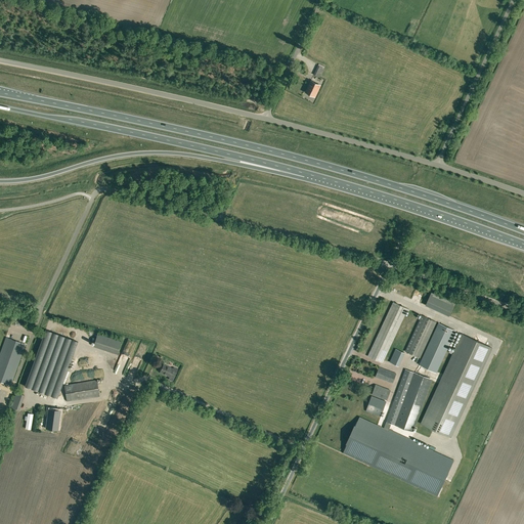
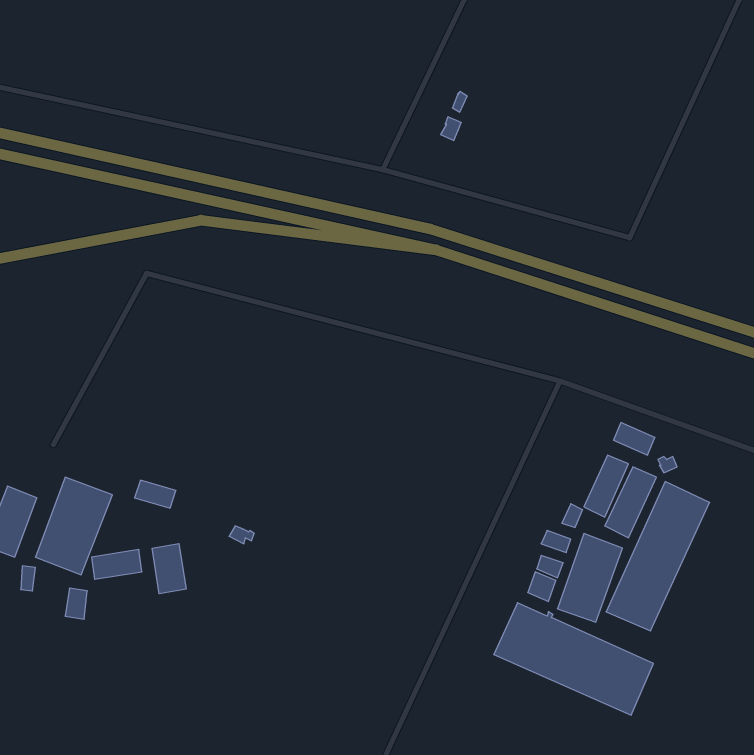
building: [367,302,406,363] -> none
building: none -> [152,544,186,594]

